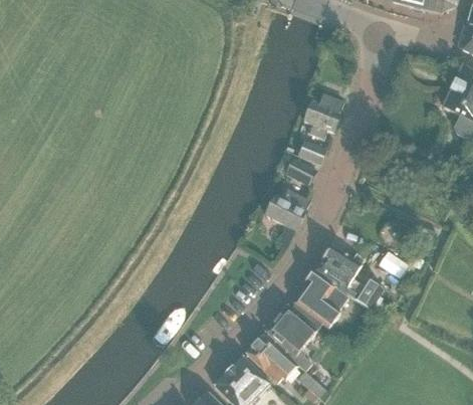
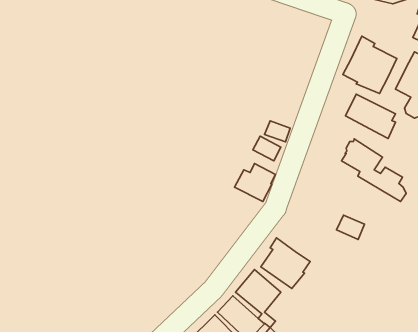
building: none -> [343,36,397,94]
building: [303,93,343,138] -> none
building: none -> [346,94,396,139]
building: [316,245,388,315] -> [342,139,406,202]

